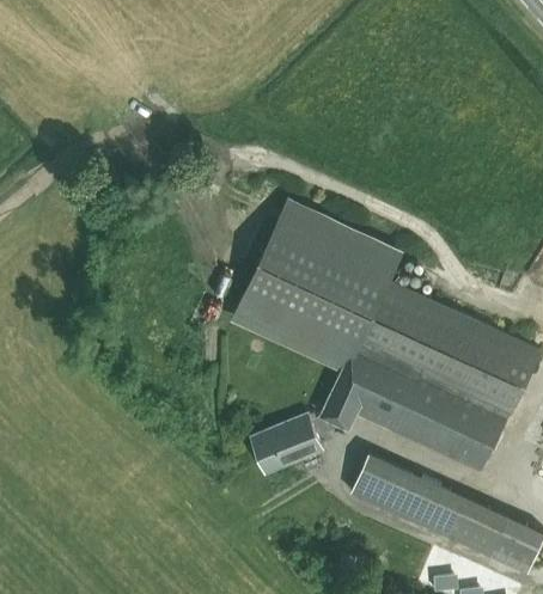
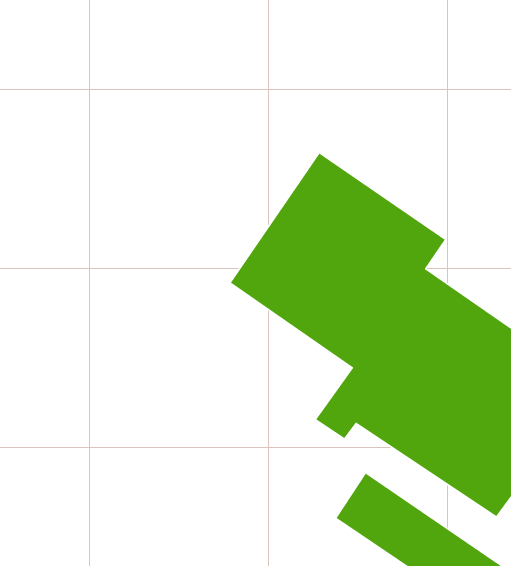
building: [250,415,322,473] -> none

